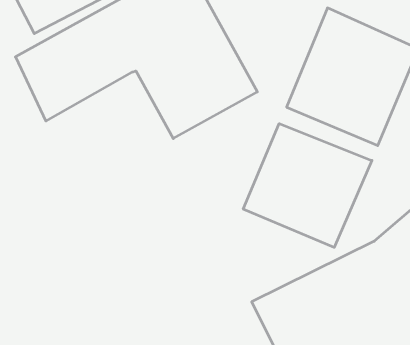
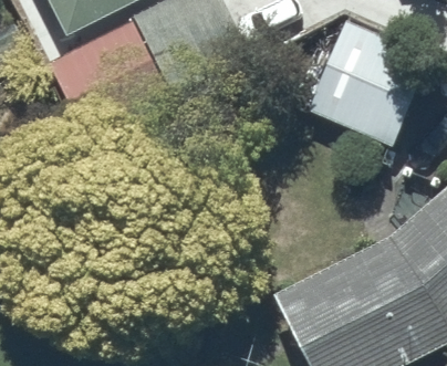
building: [243,124,372,247] -> none

